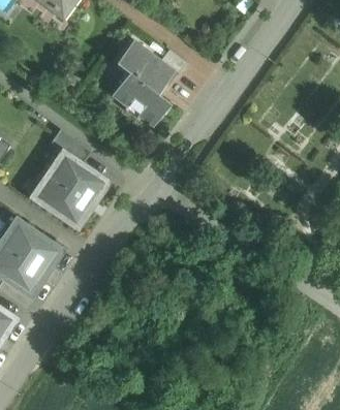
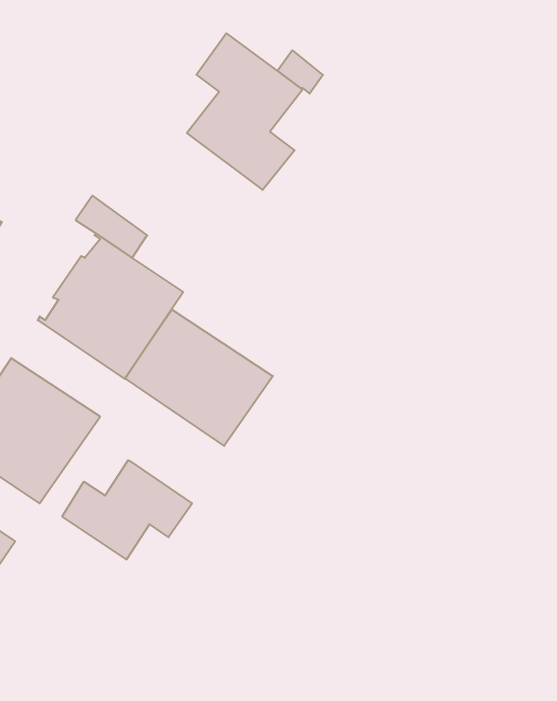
building: none -> [125,309,273,446]
building: none -> [62,460,192,560]

